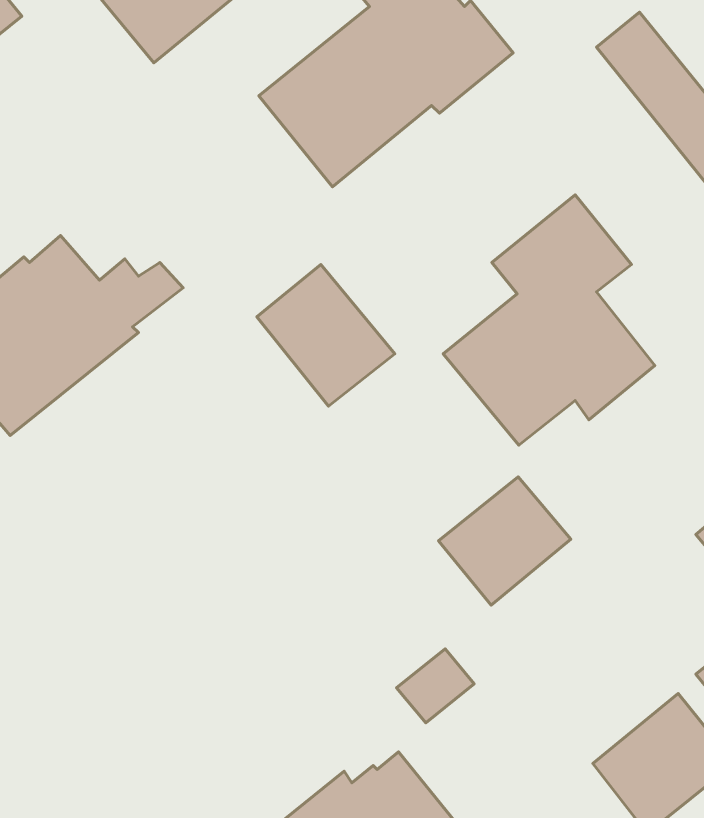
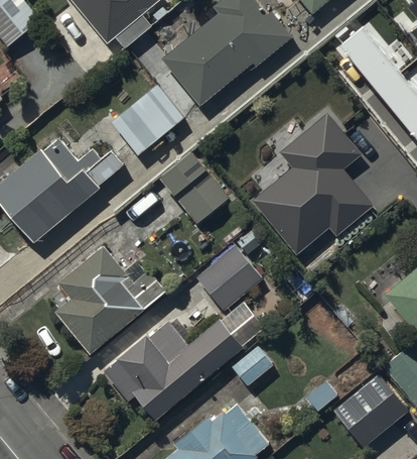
building: none -> [112,85,182,153]
building: none -> [57,246,164,350]
building: [439,477,571,605] -> [197,246,266,313]
building: none -> [108,317,242,416]

